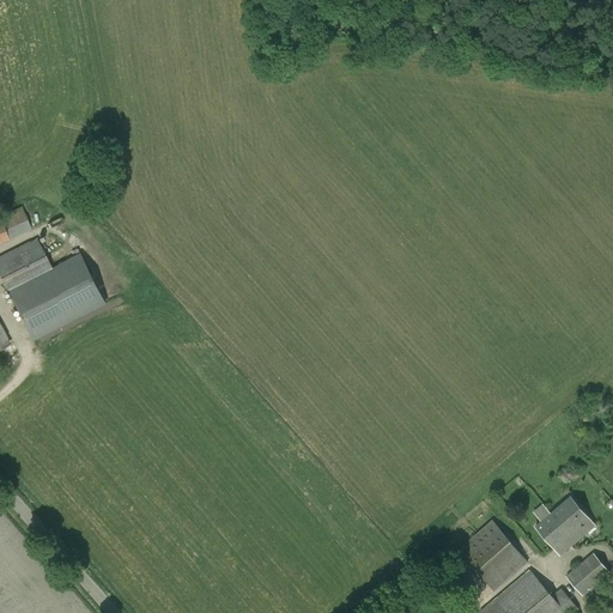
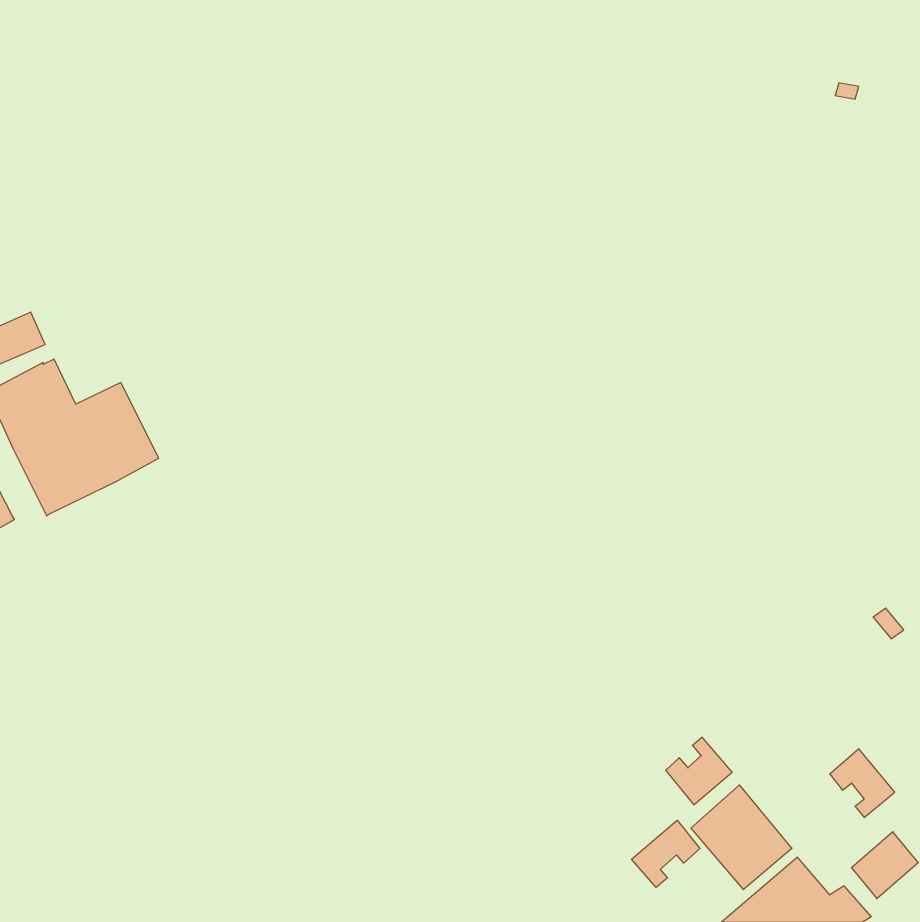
building: none -> [666,737,732,805]
building: [535,514,573,556] -> none
building: none -> [632,820,700,887]

